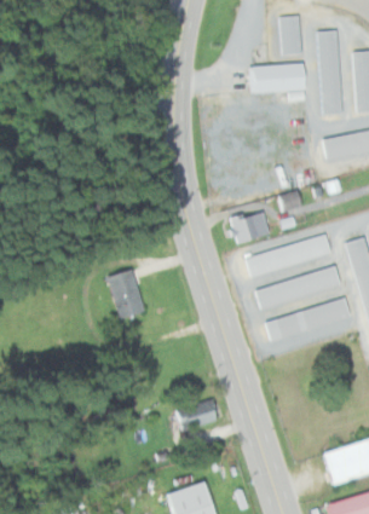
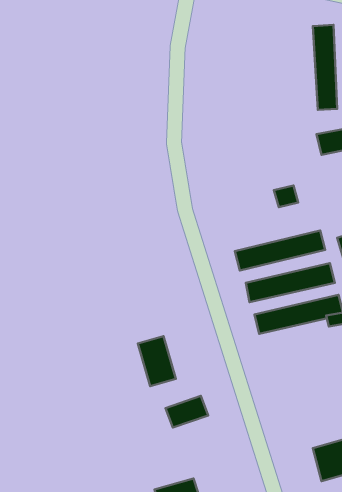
building: [282,17,302,56] -> none
building: [255,65,307,93] -> none
building: [232,209,272,244] -> none
building: [104,270,142,319] -> [138,336,176,386]

